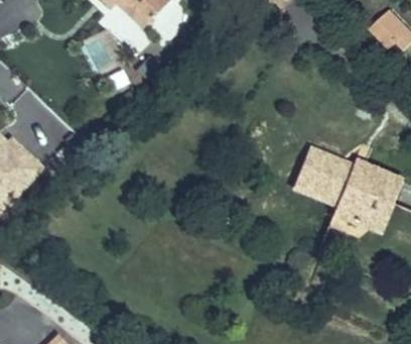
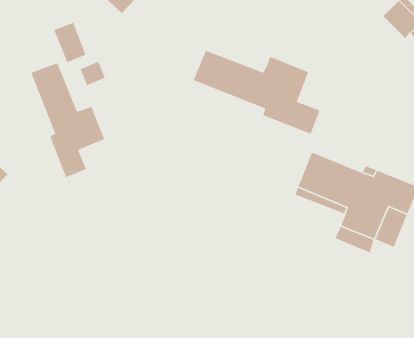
building: none -> [193,50,321,135]
building: none -> [30,62,105,178]

